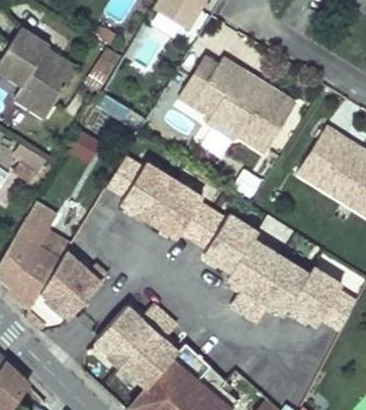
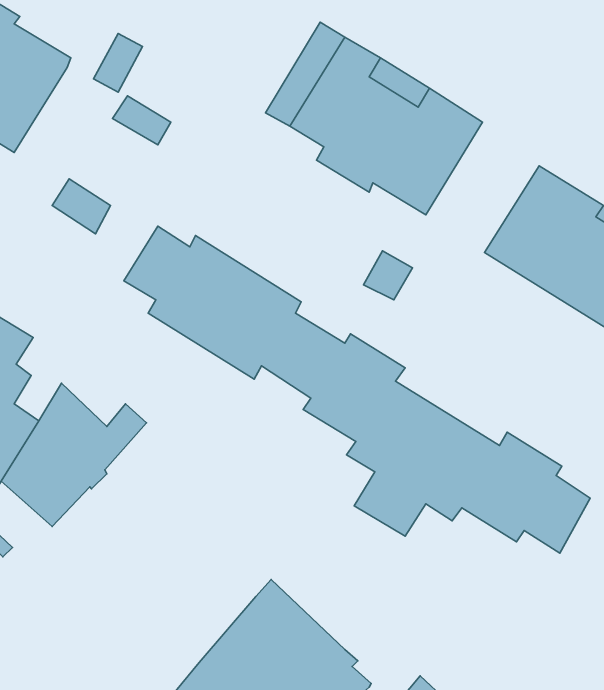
building: [92,305,176,390] -> none

